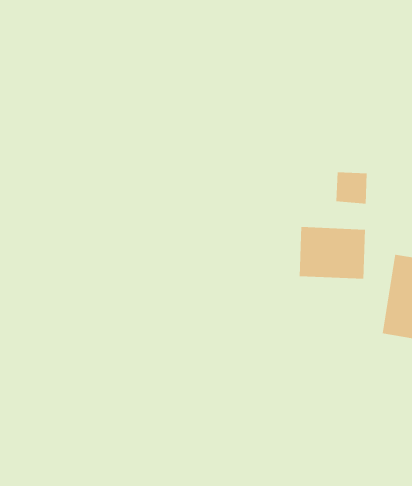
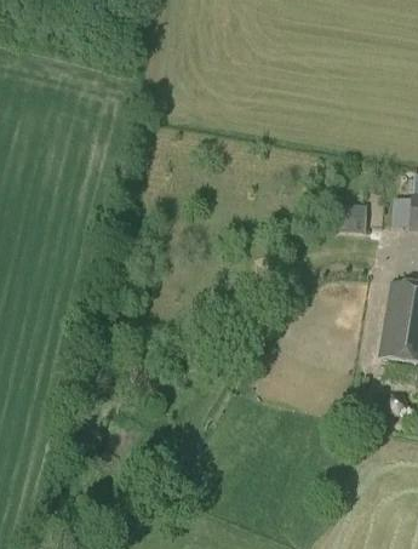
building: [299,226,366,279] -> none

